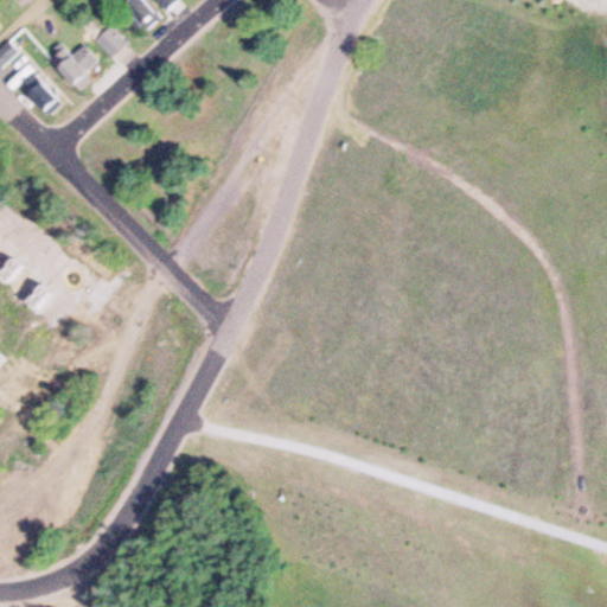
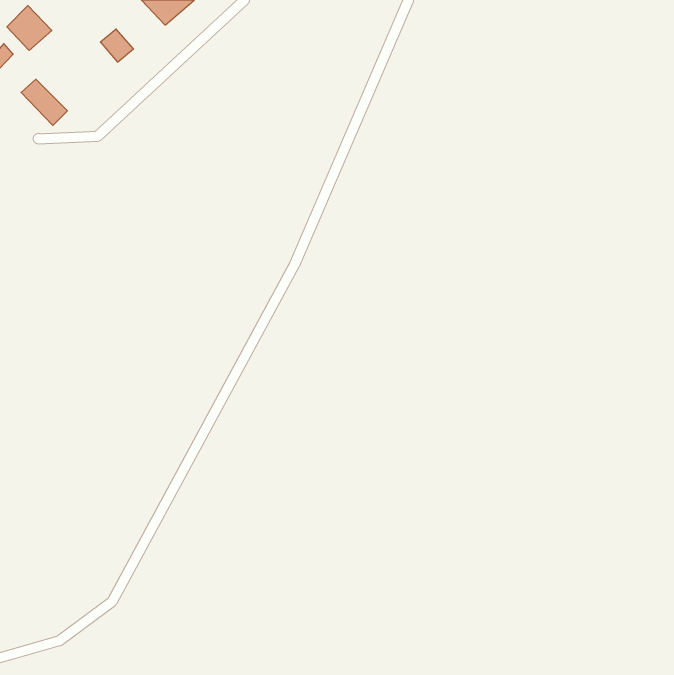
building: [55,44,95,84] -> [7,6,52,50]

